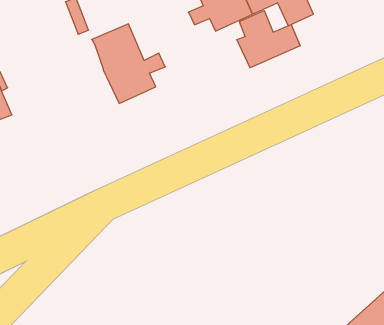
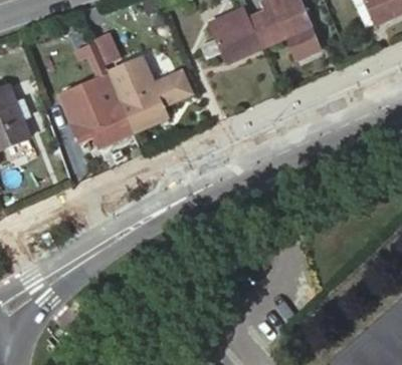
building: [237,11,300,68] -> none
building: none -> [62,76,135,147]

